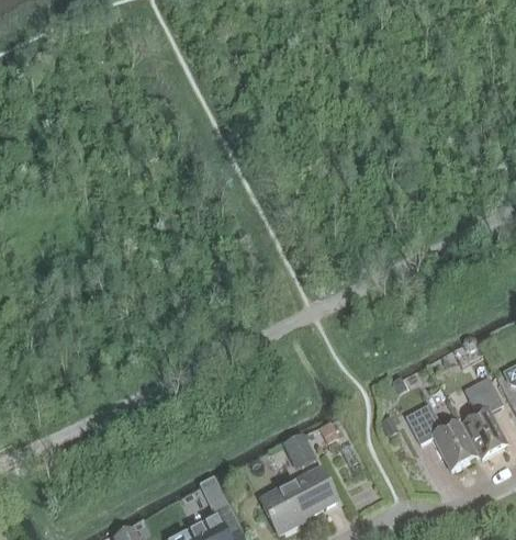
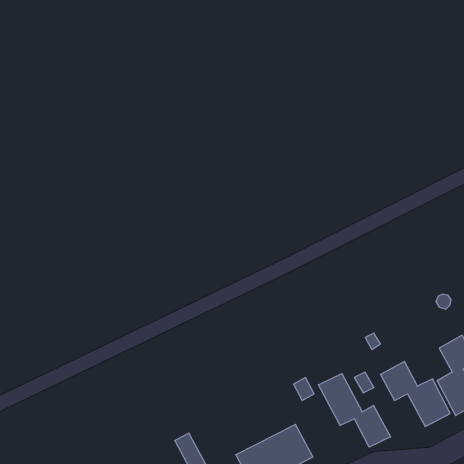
building: none -> [318,374,391,447]
building: [282,431,316,469] -> none

